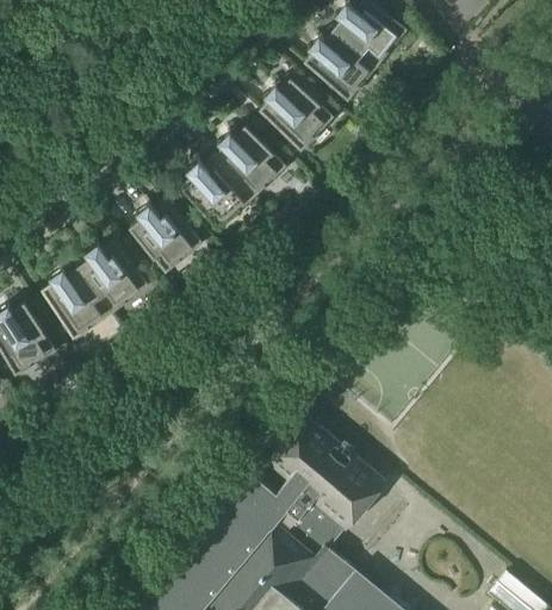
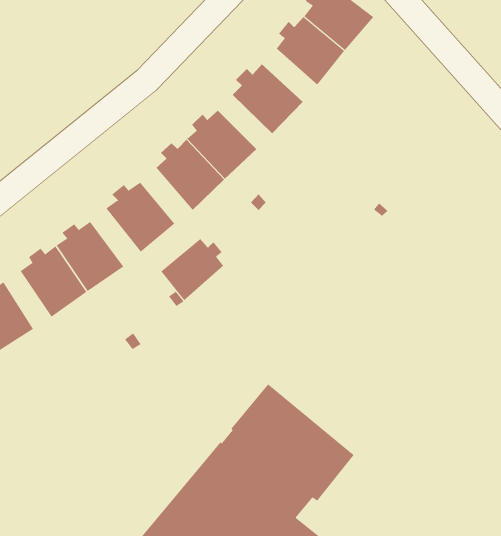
building: none -> [161,238,224,301]

